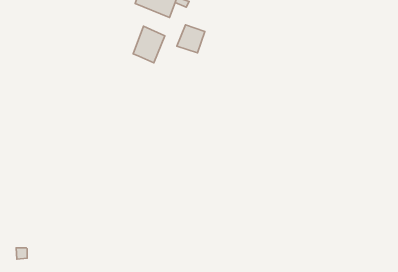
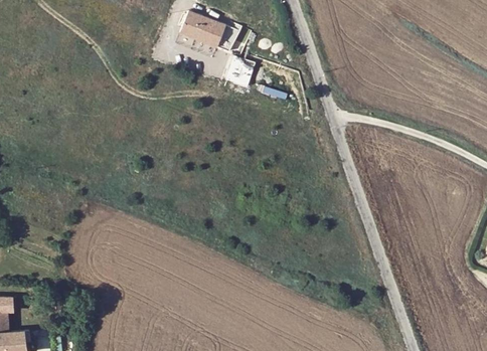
building: [133,26,165,63] -> none

